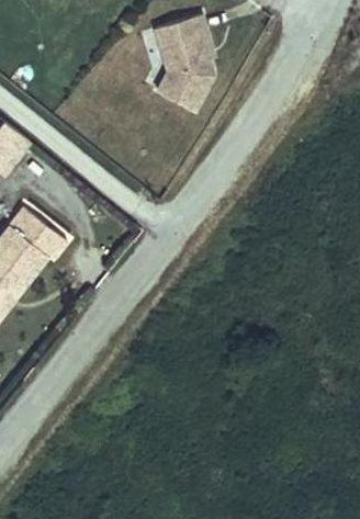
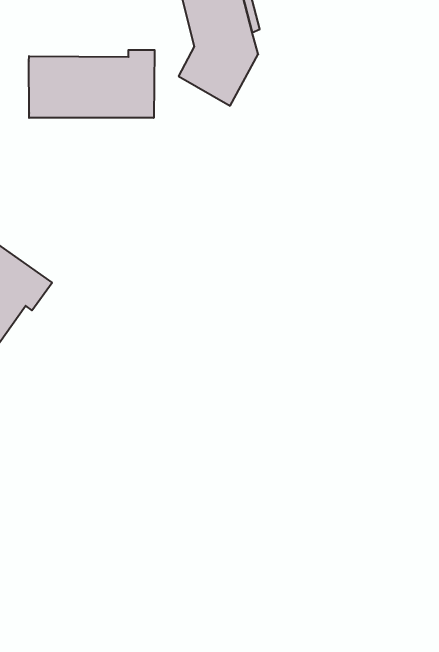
building: none -> [29,50,155,118]

